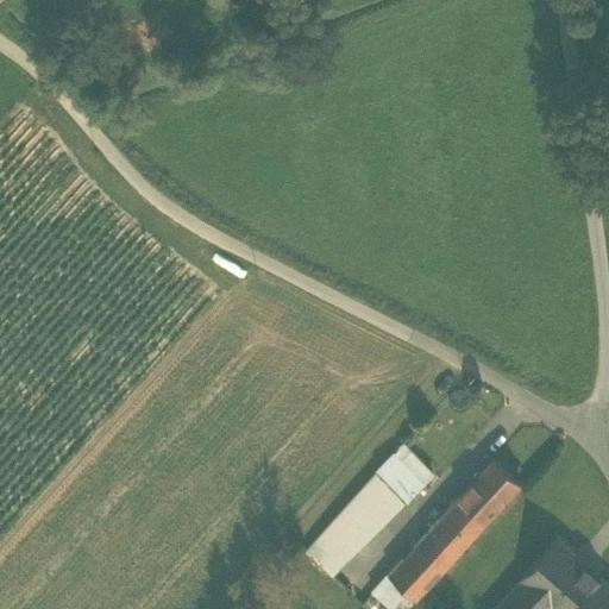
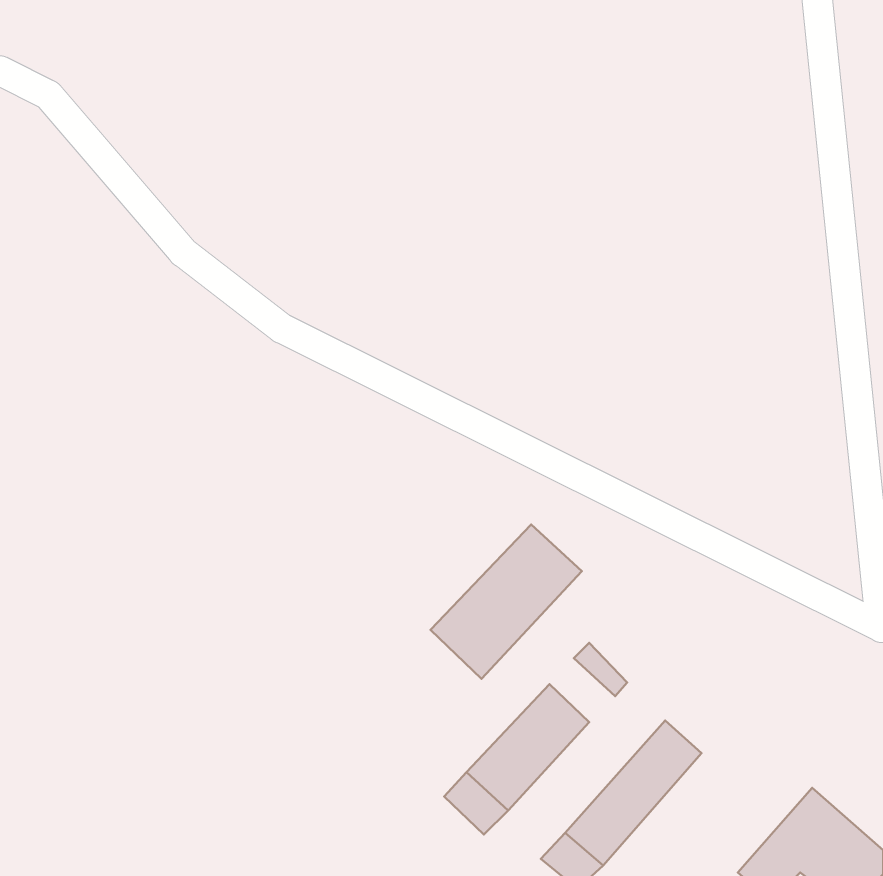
building: none -> [431,525,582,679]
building: [378,458,423,502] -> none
building: [458,463,517,523] -> none

